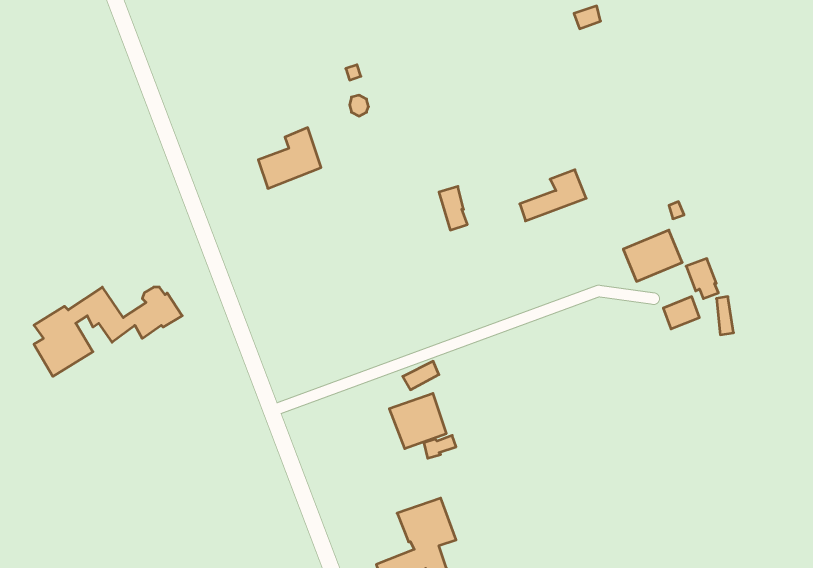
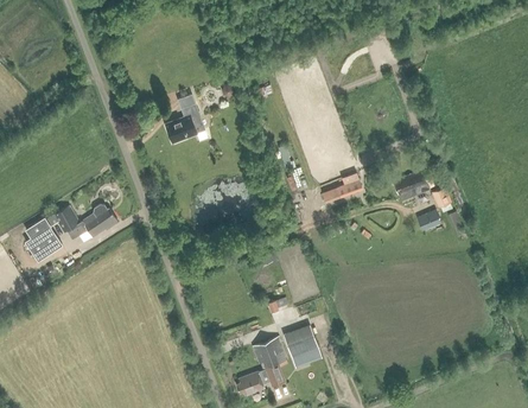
building: [520,170,586,221] -> [322,171,363,203]
building: [389,393,446,449] -> [282,324,318,358]

